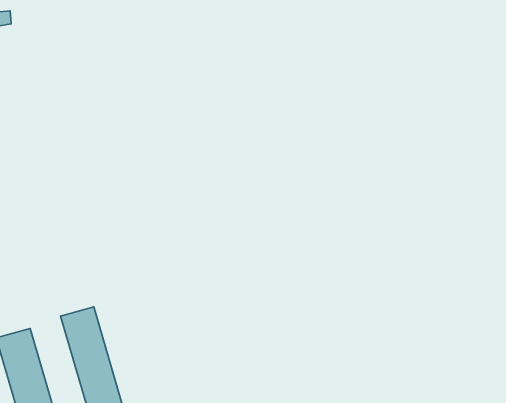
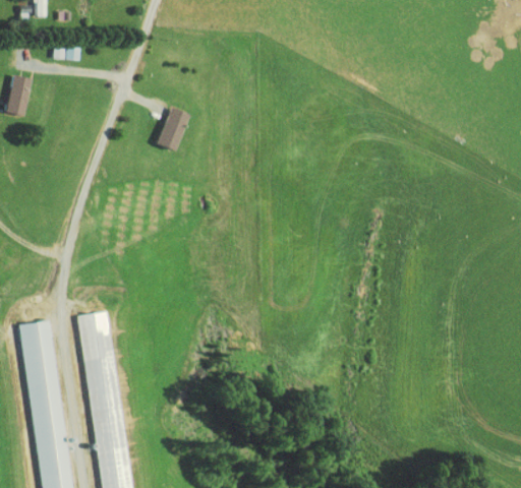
building: none -> [154,108,186,151]

